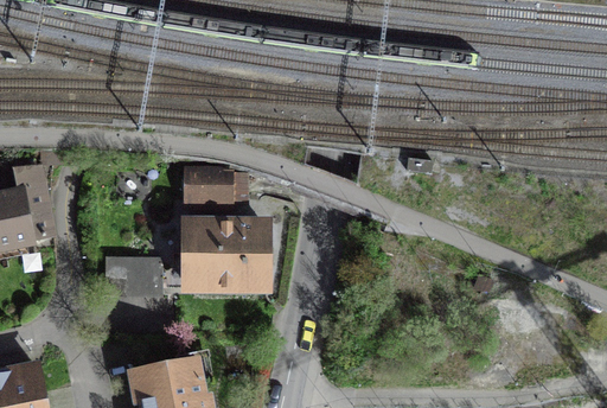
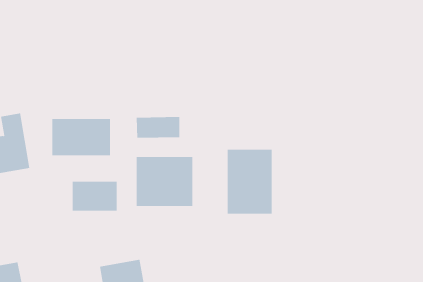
building: none -> [52,118,111,156]
building: none -> [227,149,272,215]

